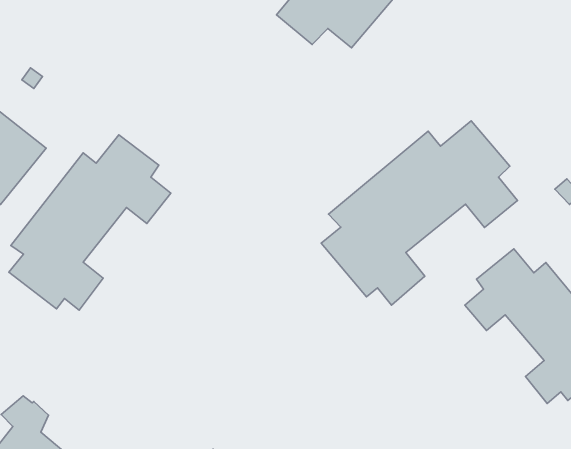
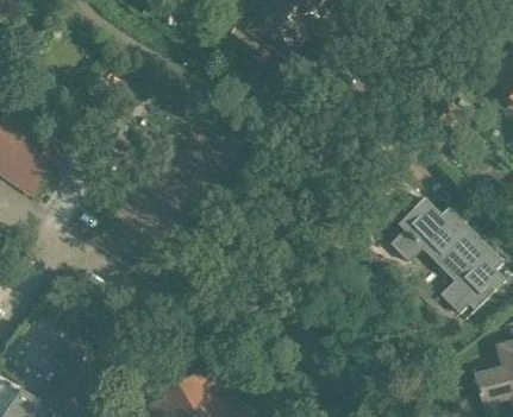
building: [321,121,518,305] -> none
building: [9,135,171,310] -> none

